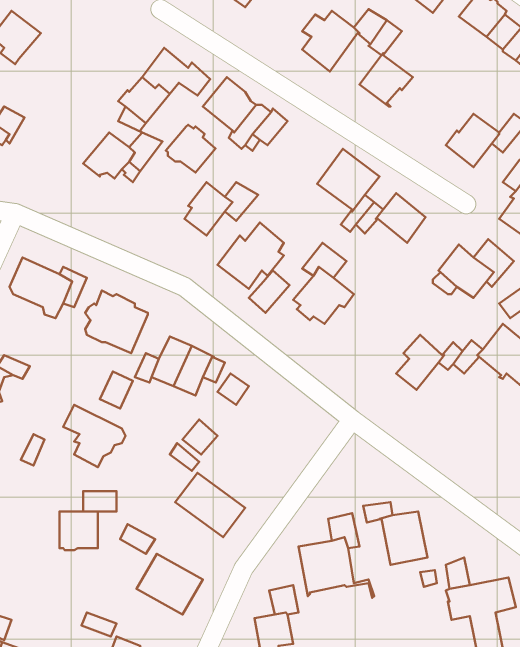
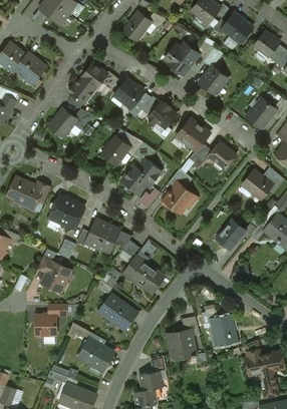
building: none -> [13,52,45,83]
building: [166,125,216,173] -> [149,101,176,127]
building: none -> [123,256,164,293]

